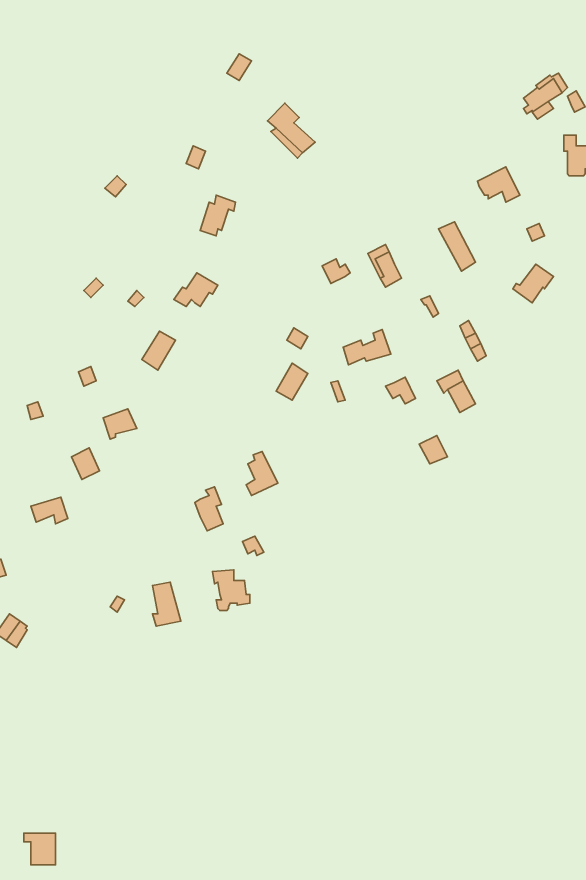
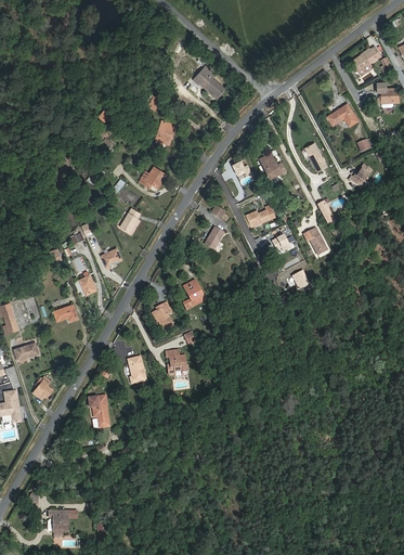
building: none -> [88,395,108,427]

